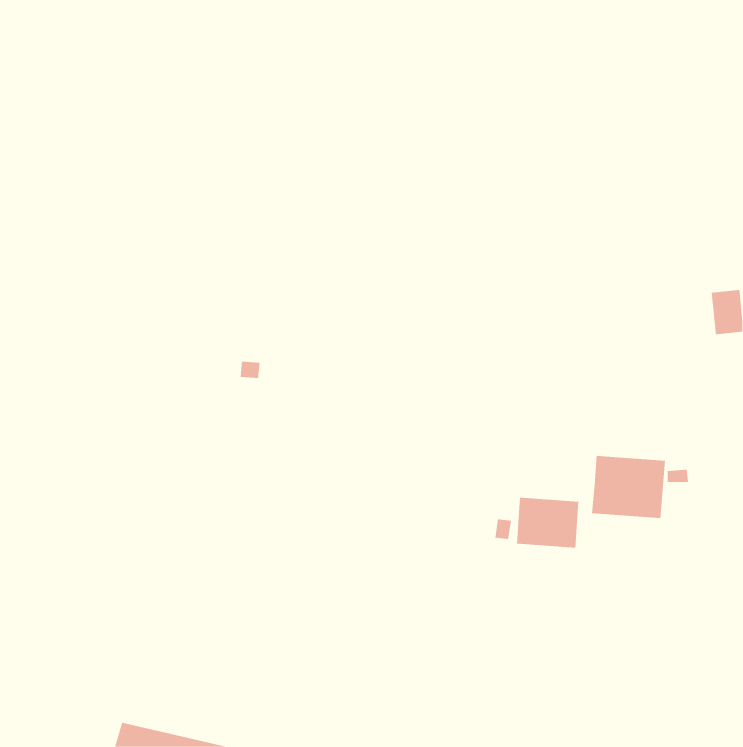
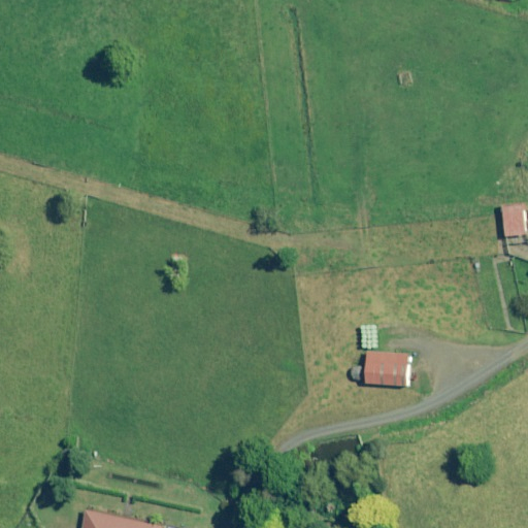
building: [591,455,666,519] -> none

